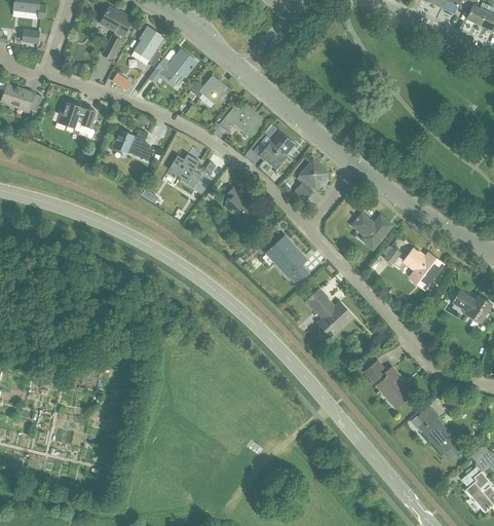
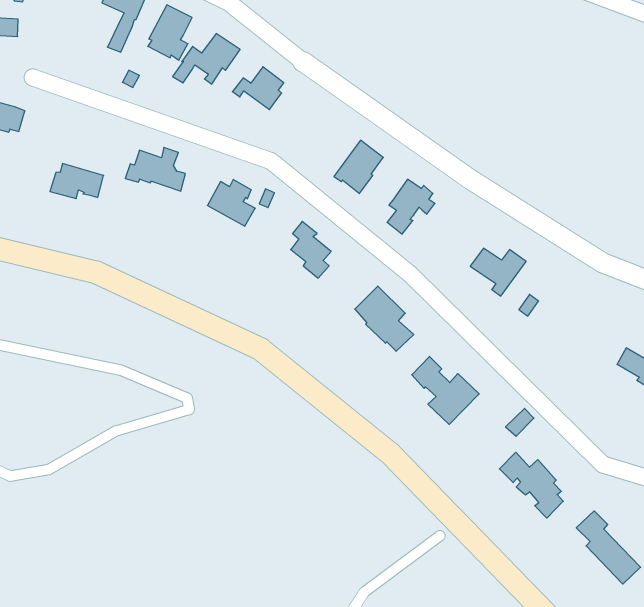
building: [56,102,96,127] -> [50,163,104,199]
building: [219,105,262,135] -> none
building: [404,249,443,289] -> none

